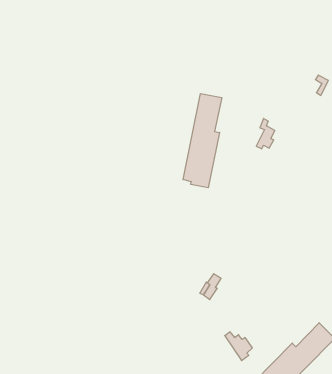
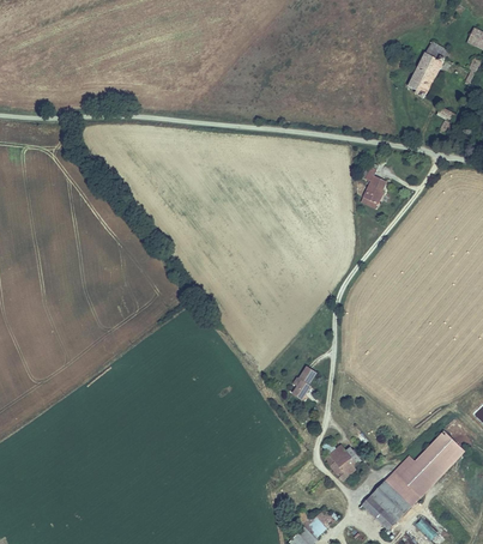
building: none -> [409,46,448,98]
building: [183,94,222,188] -> none

